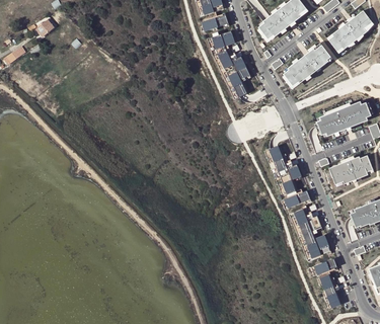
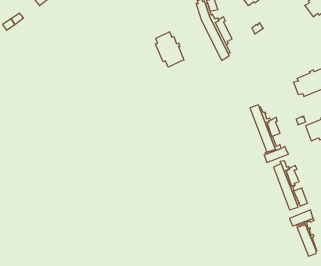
building: [284,44,332,85] -> none
building: none -> [155,32,184,67]

